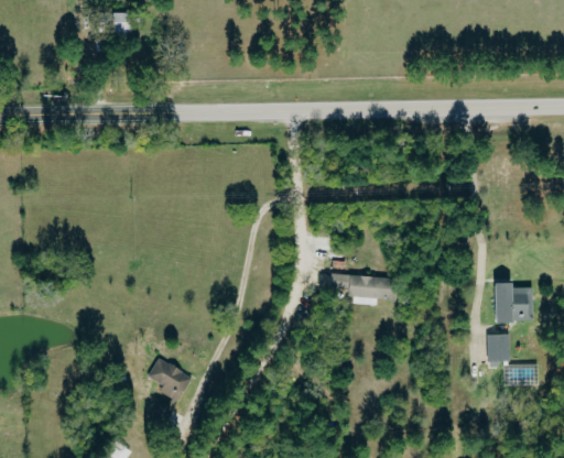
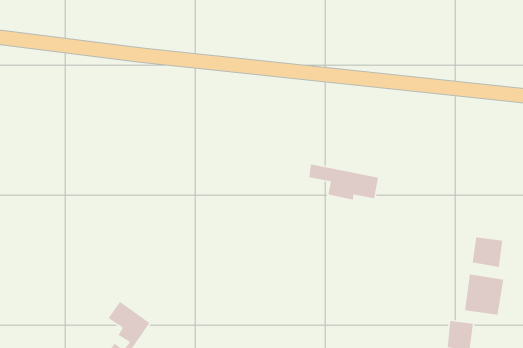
building: none -> [472,236,503,268]
building: [329,274,399,305] -> [308,164,379,201]

